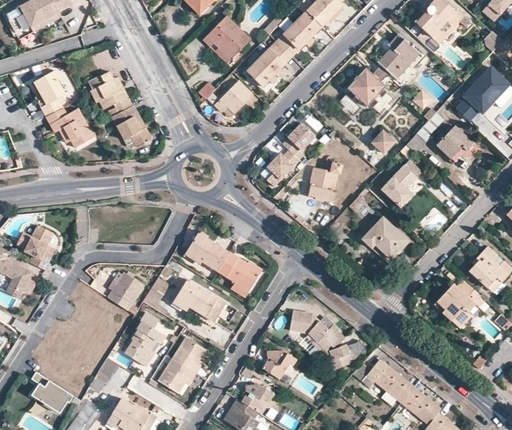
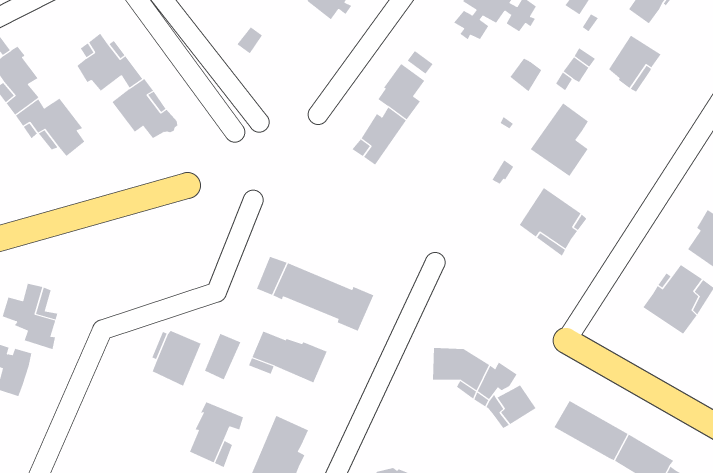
building: [215,81,252,114] -> none
building: [308,158,341,202] -> none
building: [261,349,289,379] -> none

